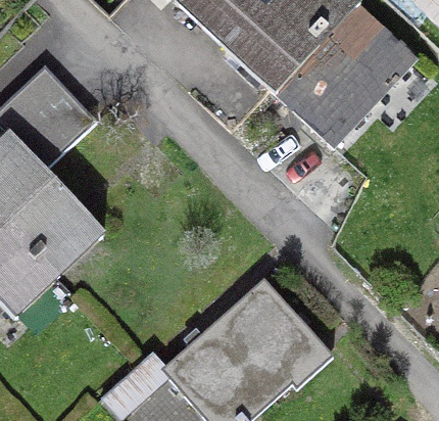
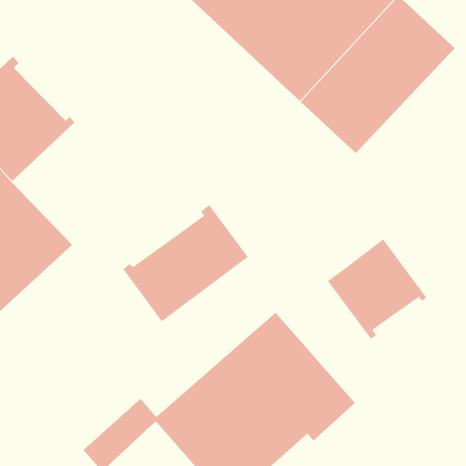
building: none -> [123,204,249,322]
building: none -> [327,239,427,340]

